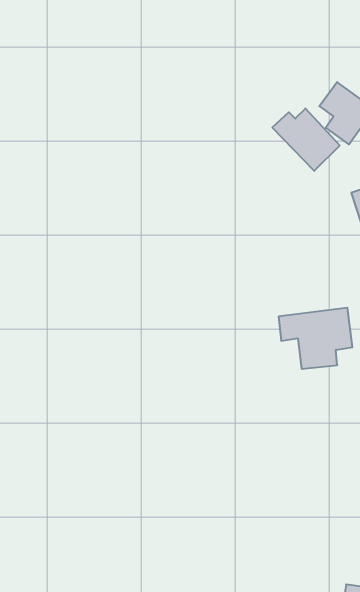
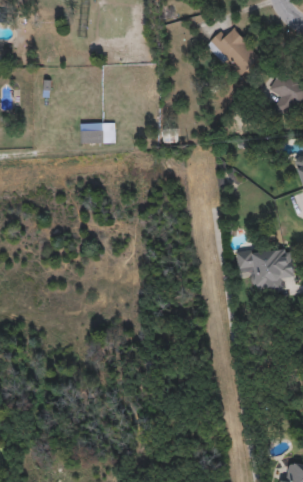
building: [272,108,340,171] -> [207,28,260,77]
building: none -> [79,122,102,142]

